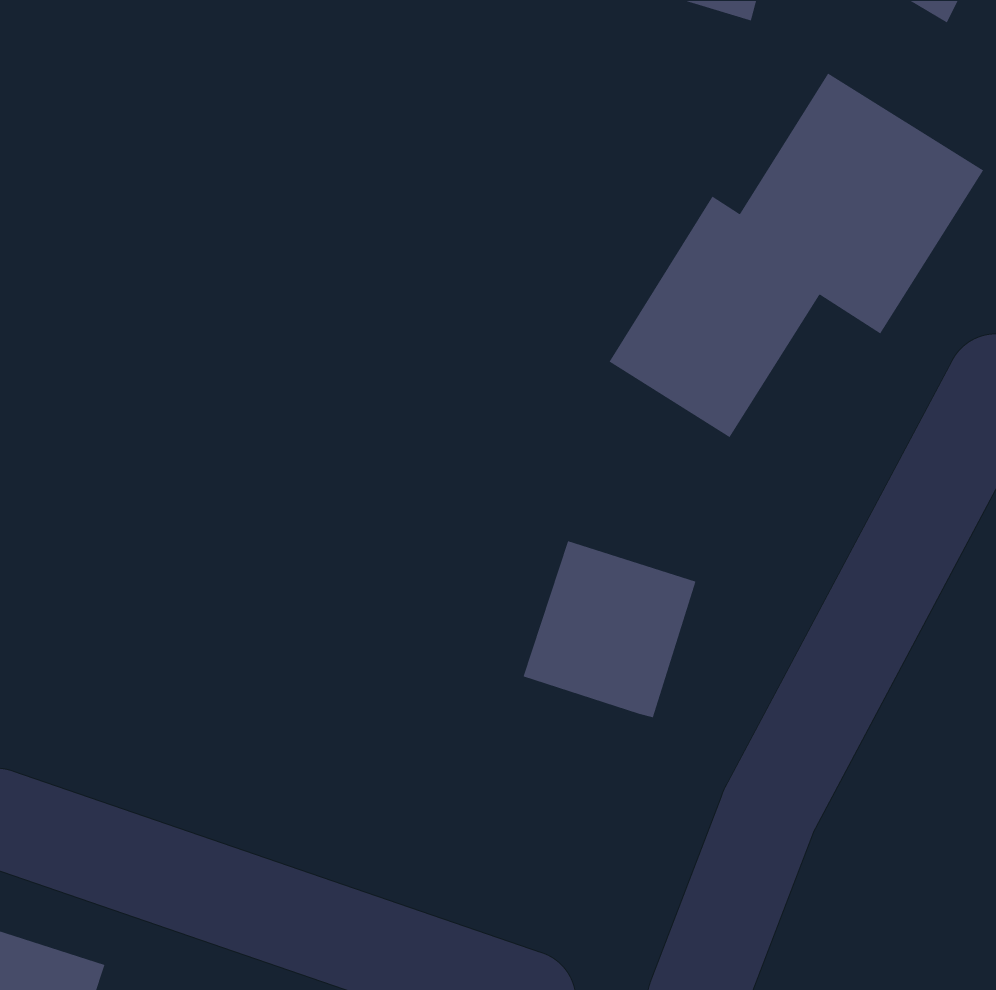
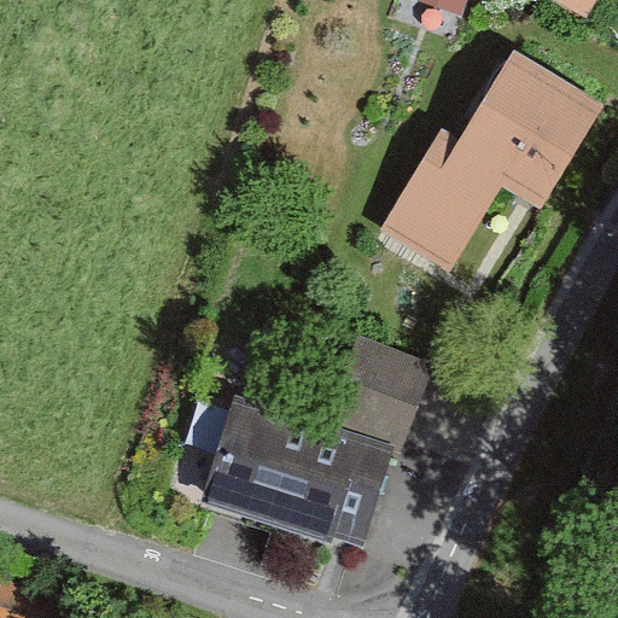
building: none -> [199,395,393,548]

